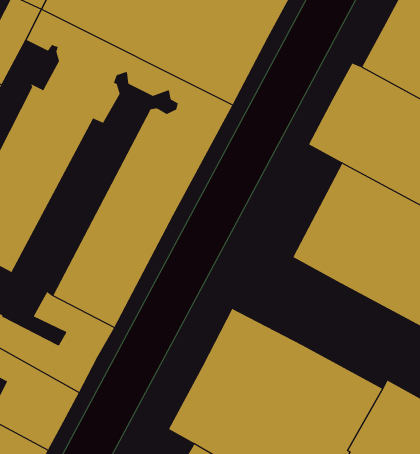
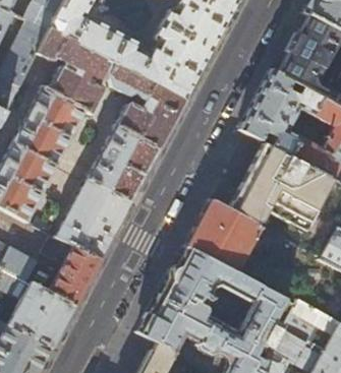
building: none -> [184,200,260,273]

